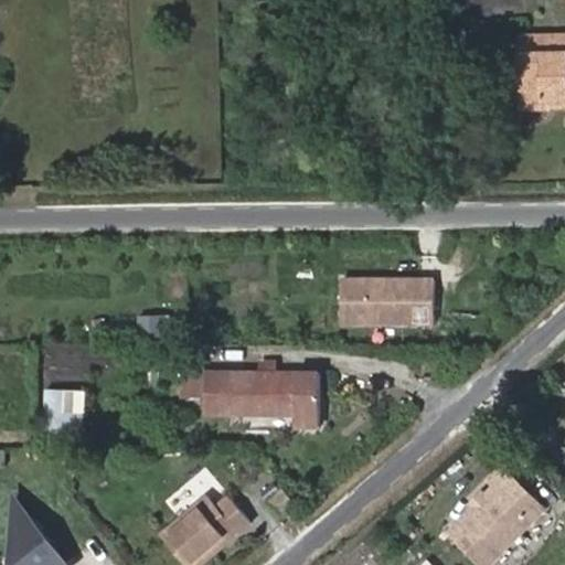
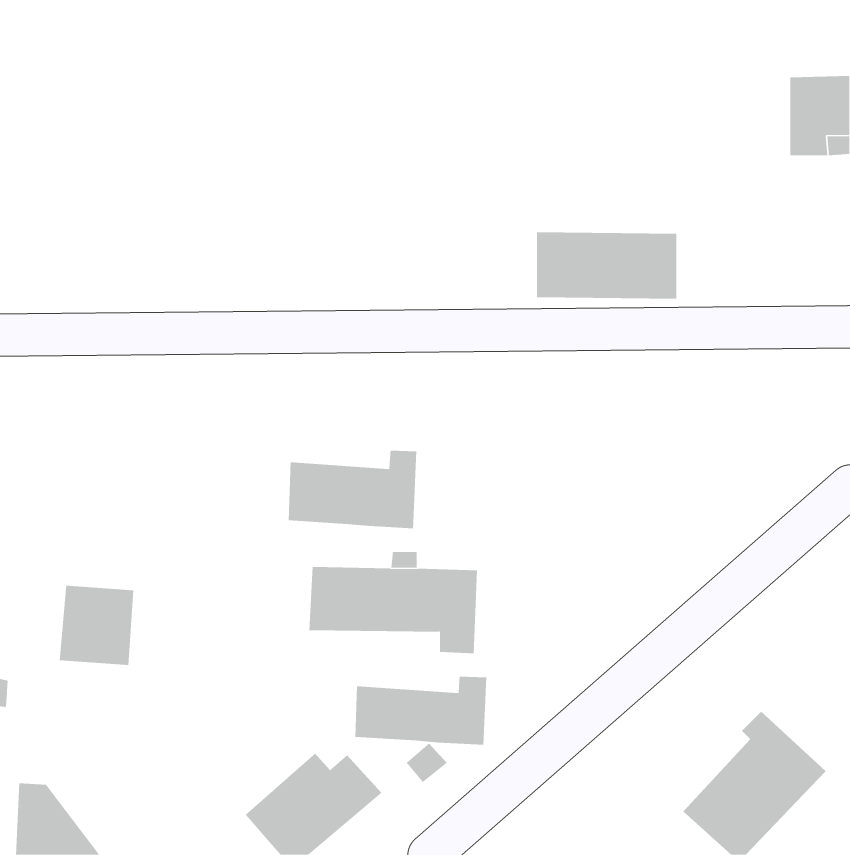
building: [337,278,429,322] -> [536,232,677,299]
building: none -> [288,450,417,529]
building: none -> [355,676,487,745]

